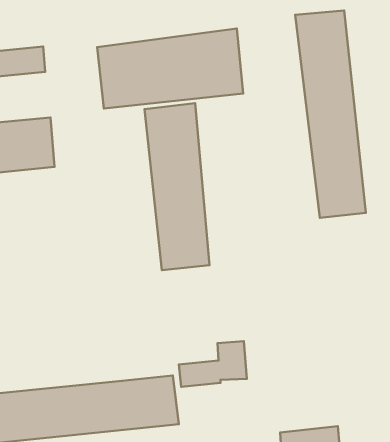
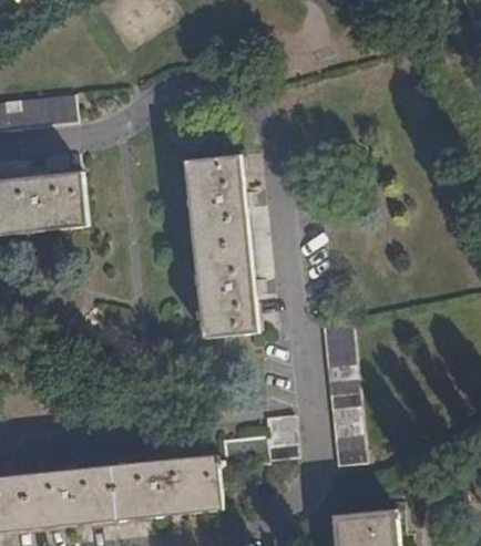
building: [295,10,366,218] -> none
building: [97,28,243,108] -> none
building: none -> [321,323,366,467]

